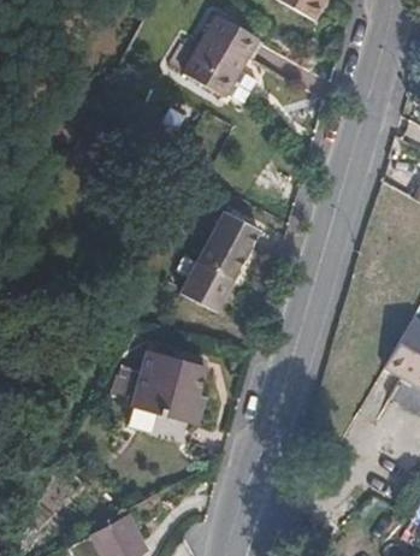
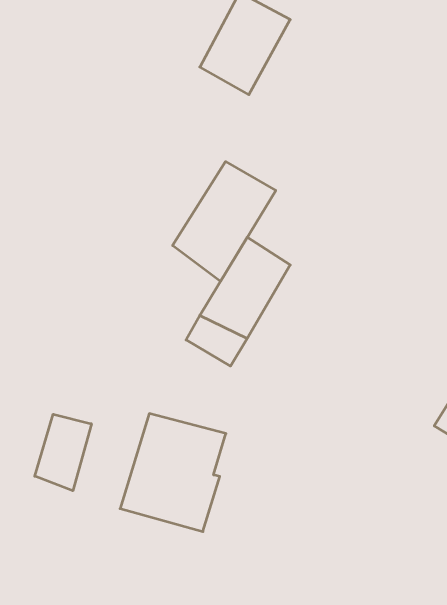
building: none -> [173,162,276,282]
building: none -> [35,414,91,491]

